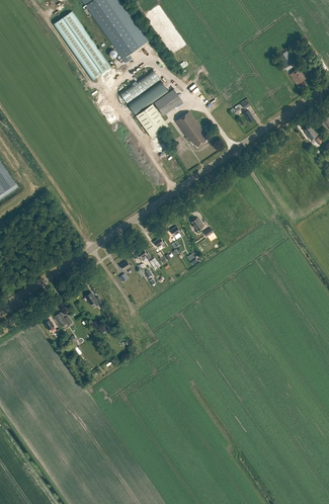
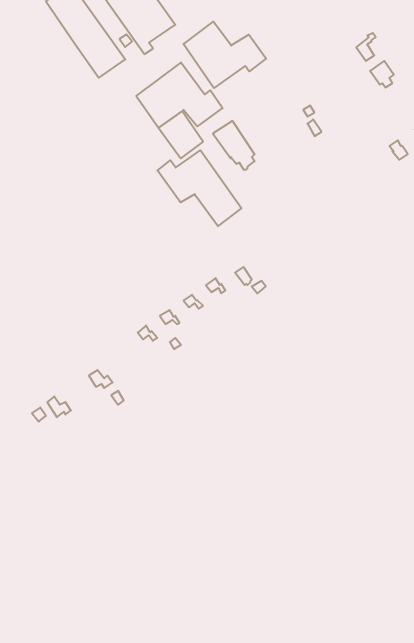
building: none -> [183,22,266,88]
building: none -> [157,150,241,226]

